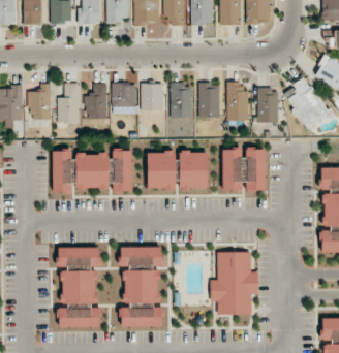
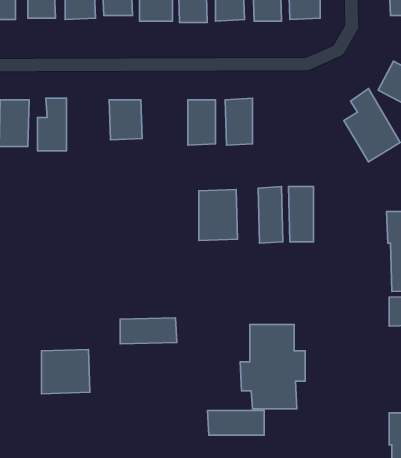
building: [226,82,249,121] -> none
building: [141,83,163,110] -> none
building: [85,84,107,118] -> none
building: [257,88,278,123] -> none
building: [113,150,131,191] -> none
building: [53,151,71,192] -> none
building: [147,152,176,189] -> none
building: [76,153,109,189] -> none
building: [58,247,99,267] -> none
building: [123,270,159,302] -> none
building: [58,308,100,327] -> none
building: [120,308,162,326] -> [208,410,264,435]

